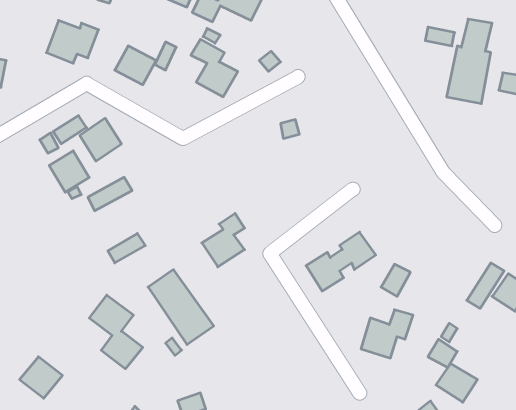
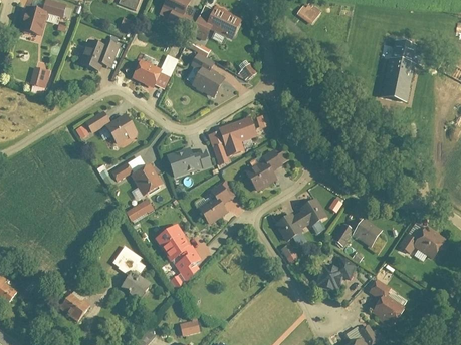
building: none -> [209,117,256,164]
building: [49,151,89,192] -> [133,164,163,196]
building: none -> [168,143,211,176]
building: none -> [244,148,290,190]
building: none -> [353,216,383,247]

